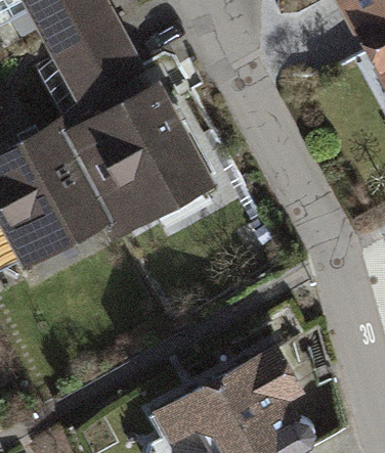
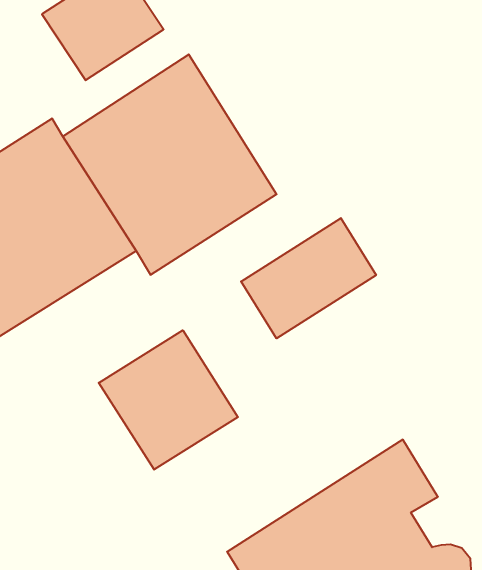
building: none -> [241,218,376,338]
building: none -> [99,330,238,470]

